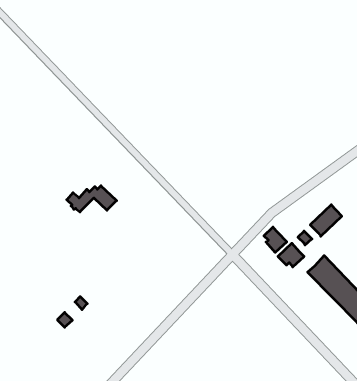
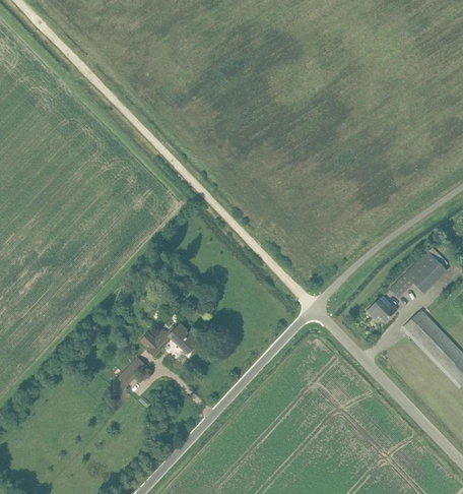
building: [67,186,117,212] -> [141,324,199,355]
building: [264,227,287,252] -> none

